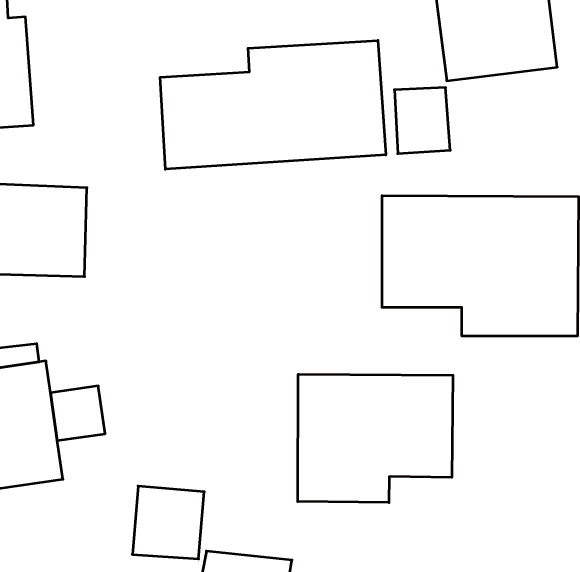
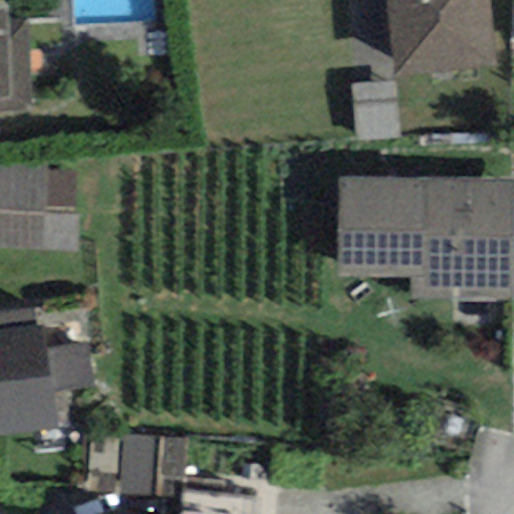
building: [160,40,386,169] -> none
building: [298,374,453,503] -> none

